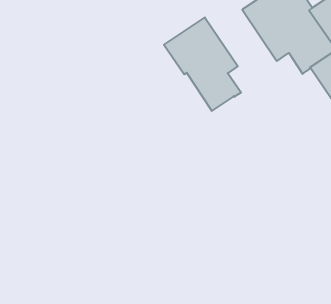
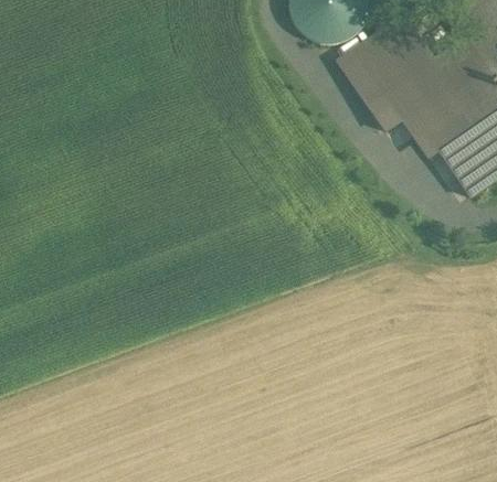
building: [164,17,241,111] -> none

